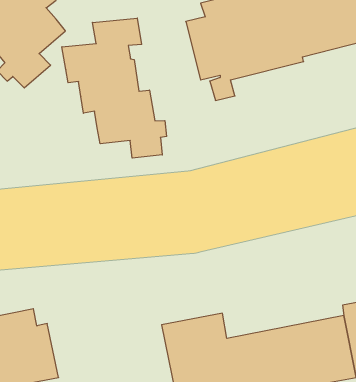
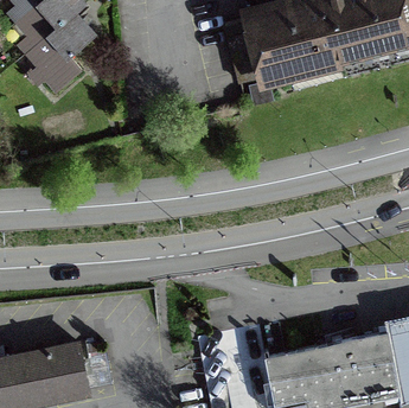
building: [62,18,167,158] -> none

